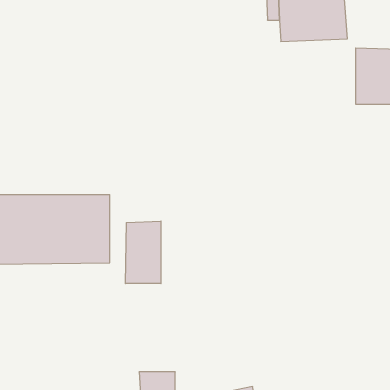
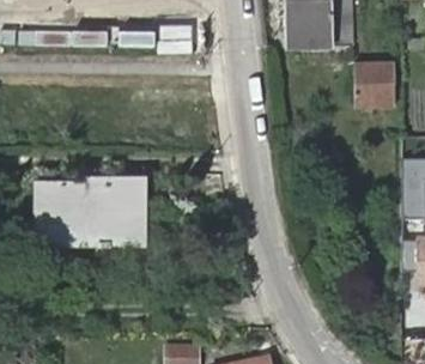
building: [125,221,161,284] -> none

